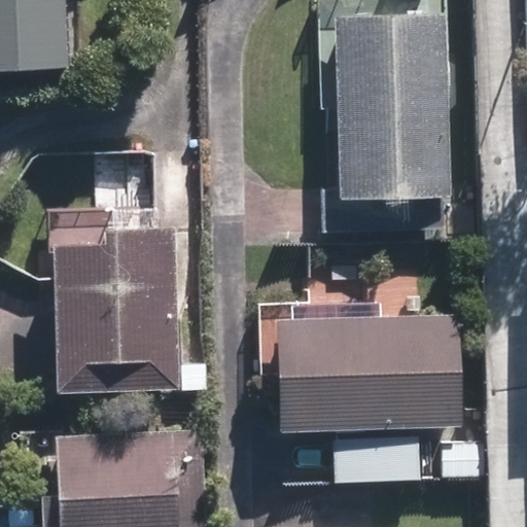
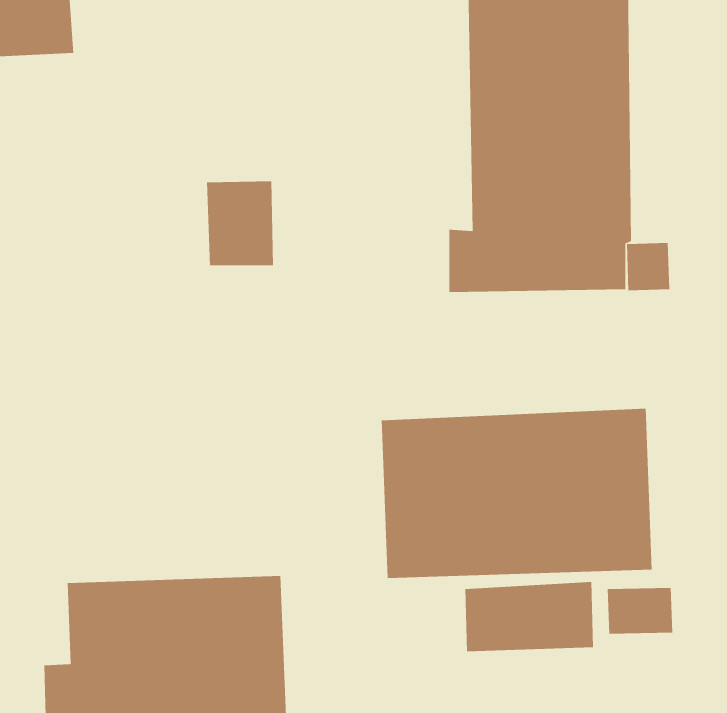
building: [51,226,180,392] -> none

